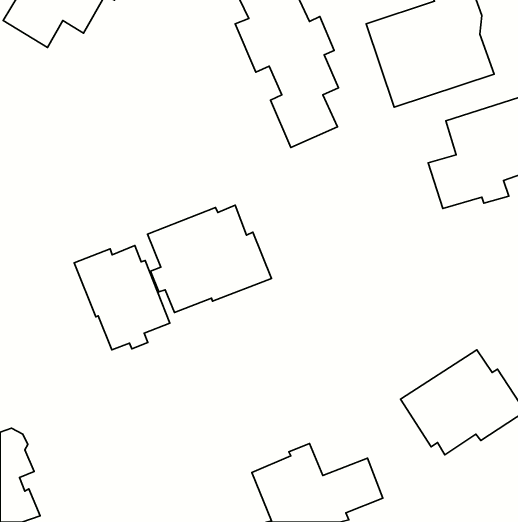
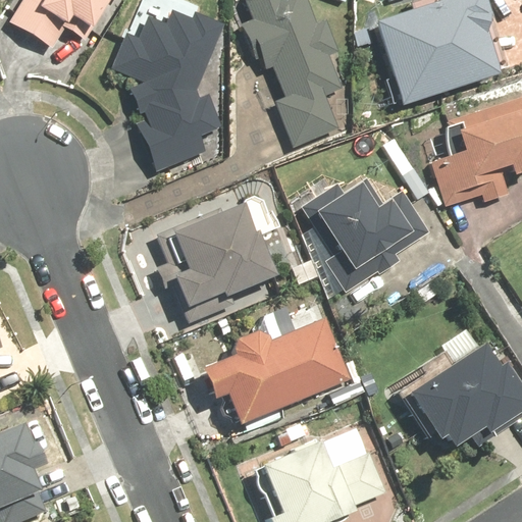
building: none -> [114,8,226,170]
building: none -> [304,177,432,292]
building: [74,246,170,350] -> none
building: none -> [197,317,354,425]

